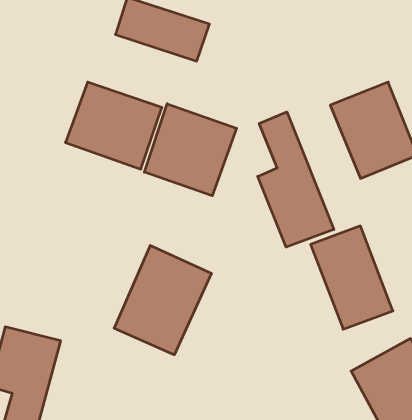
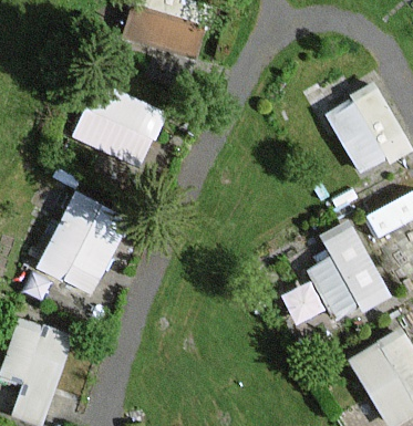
building: [144,104,237,196] -> none
building: [258,112,334,247] -> none
building: [114,246,212,355] -> [35,191,128,295]

